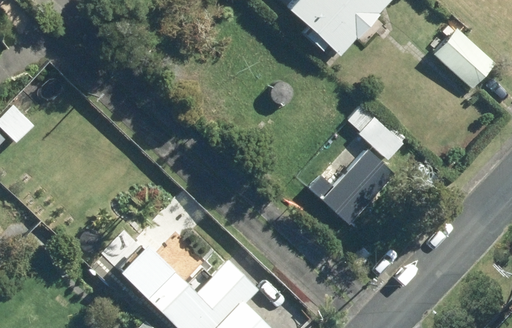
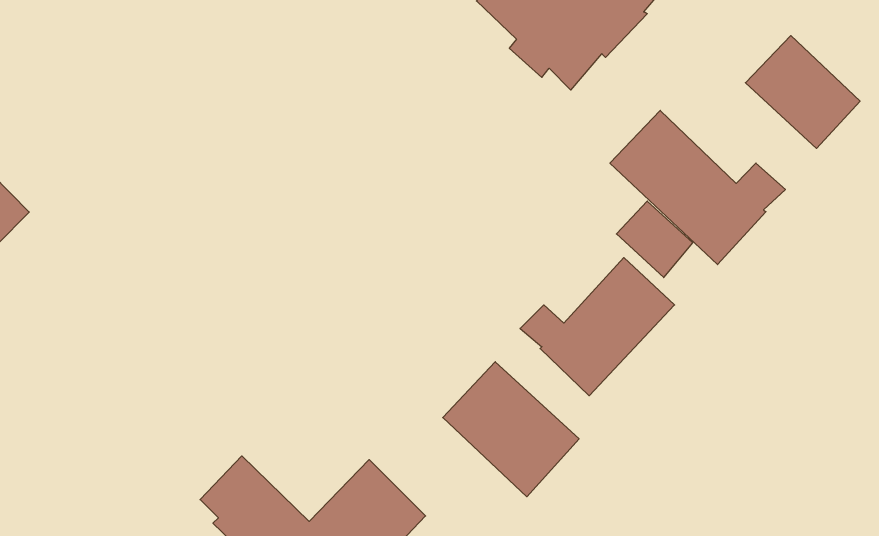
building: none -> [610,110,785,265]
building: none -> [443,362,579,497]

